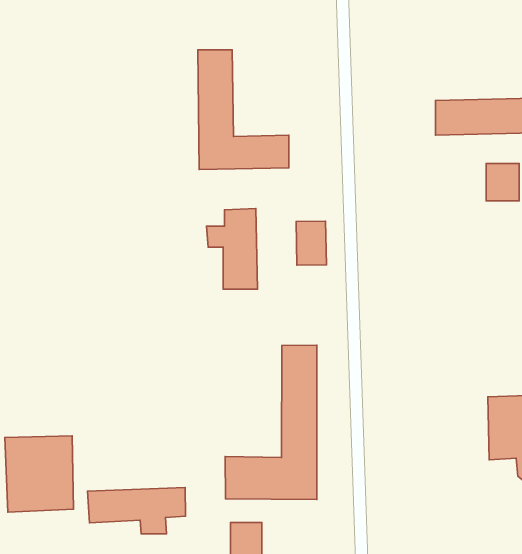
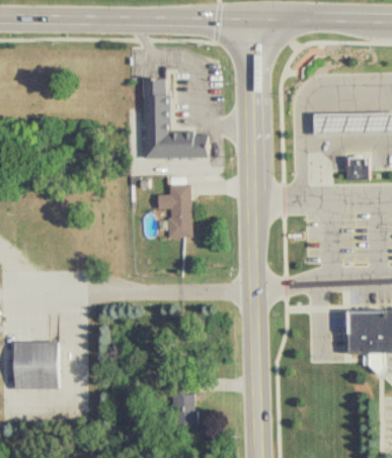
building: [296,221,326,265] -> none
building: [225,345,317,499] -> none
building: [87,487,185,534] -> none

